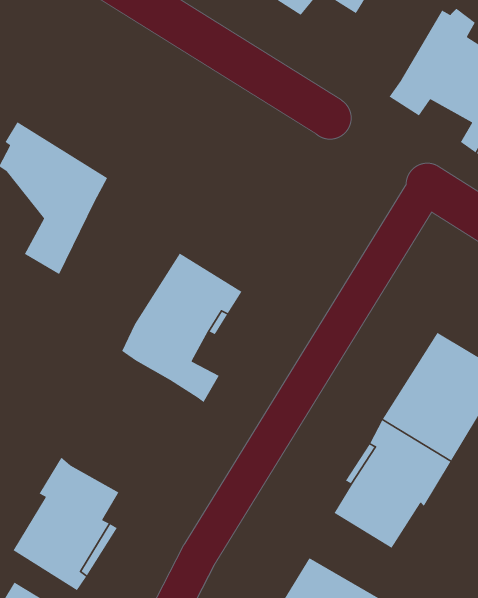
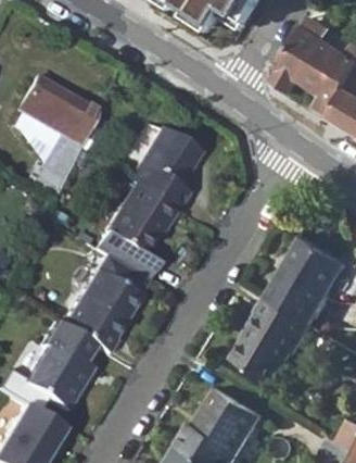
building: none -> [20,79,91,135]
building: none -> [123,129,192,211]
building: none -> [55,258,140,354]

